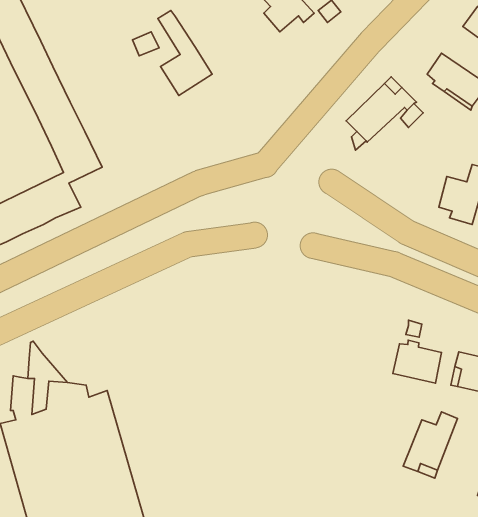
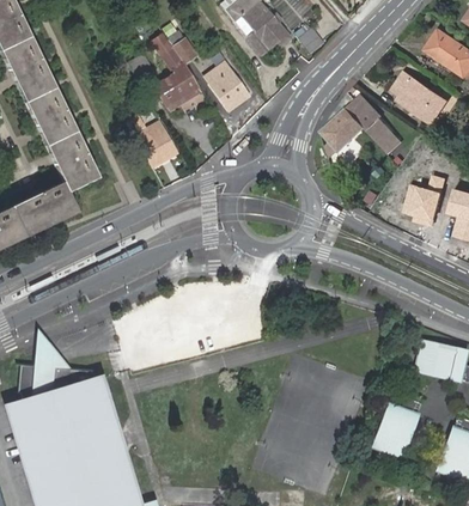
building: none -> [165,31,197,67]
building: none -> [206,62,248,109]
building: none -> [138,123,178,167]
building: [393,340,442,383] -> none

